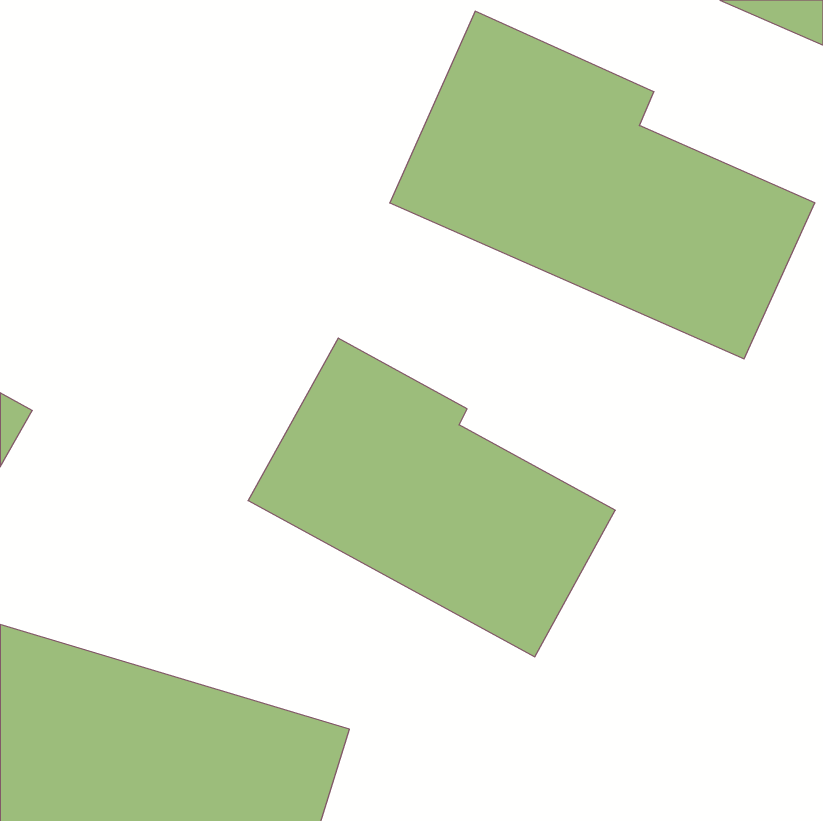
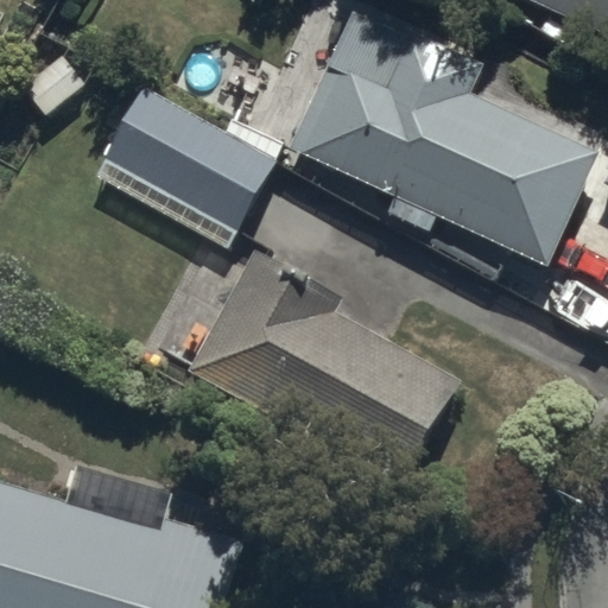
building: none -> [102,89,277,232]

